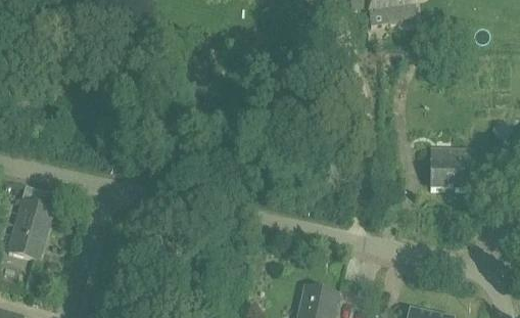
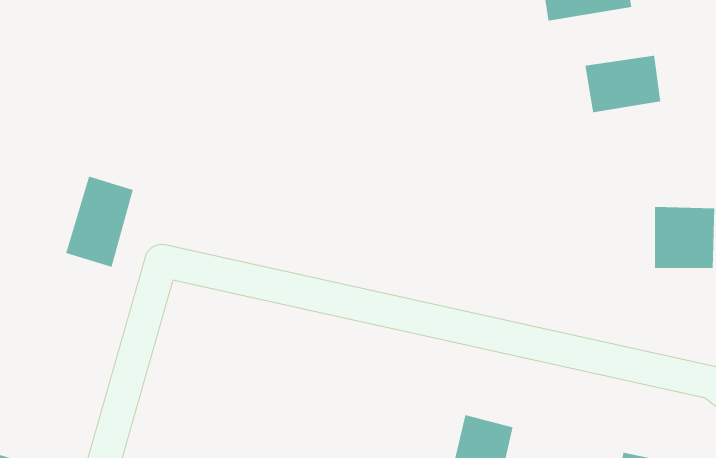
building: none -> [585,55,661,113]
building: [7,198,52,259] -> [65,175,134,268]

